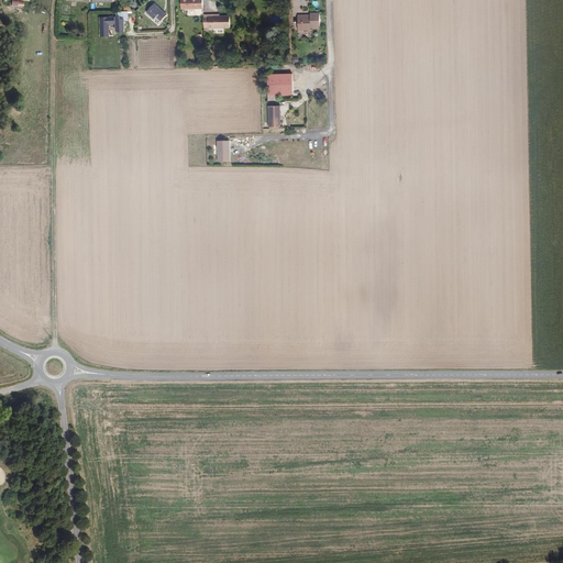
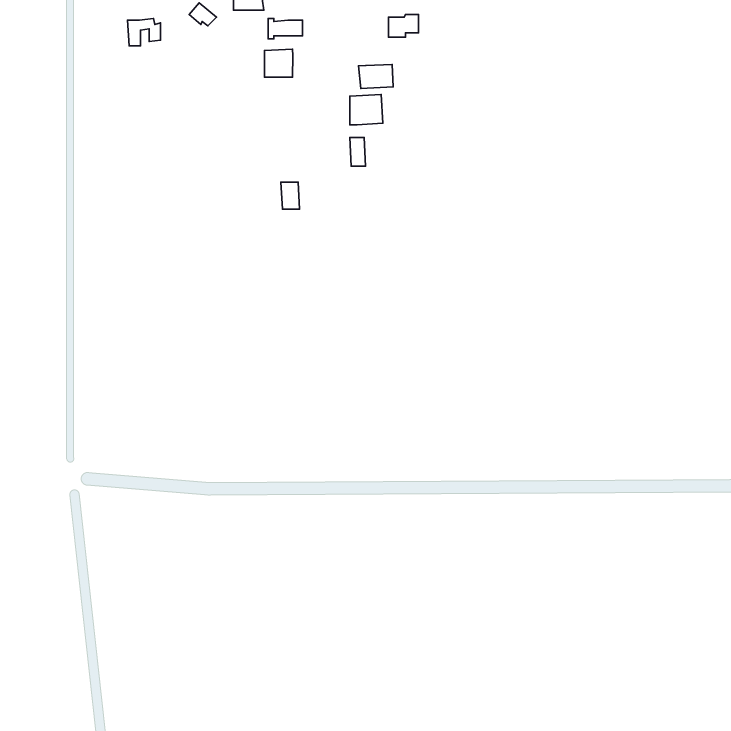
building: none -> [264,49,293,77]
building: none -> [358,64,393,88]

